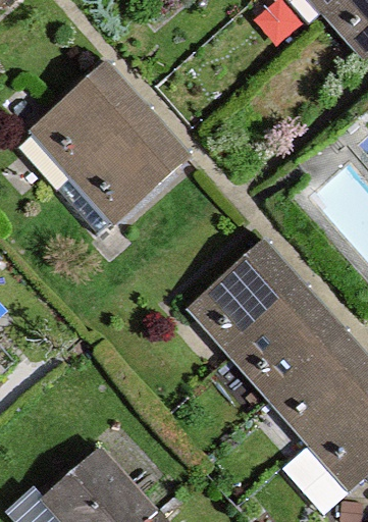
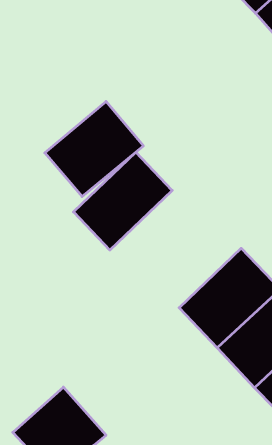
building: [30,66,143,176] -> none
building: [185,242,298,354] -> [73,152,172,250]

